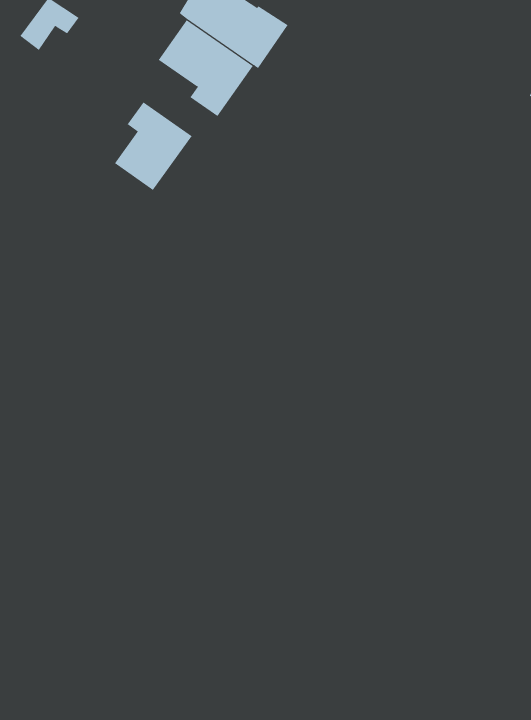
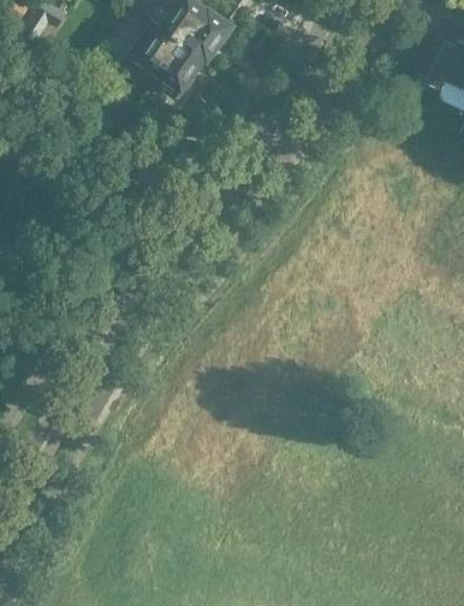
building: [114,102,192,191] -> none

